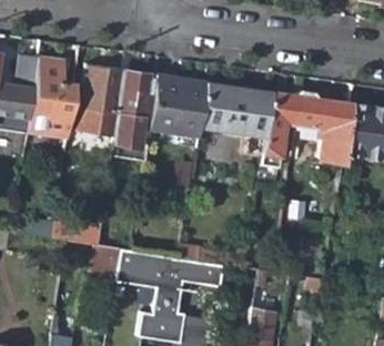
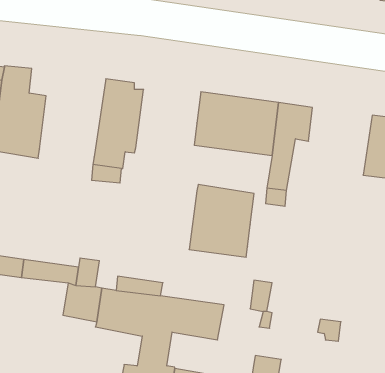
building: [70,67,127,138] -> none
building: [152,74,208,136] -> [189,184,254,257]
building: [299,95,354,162] -> none

